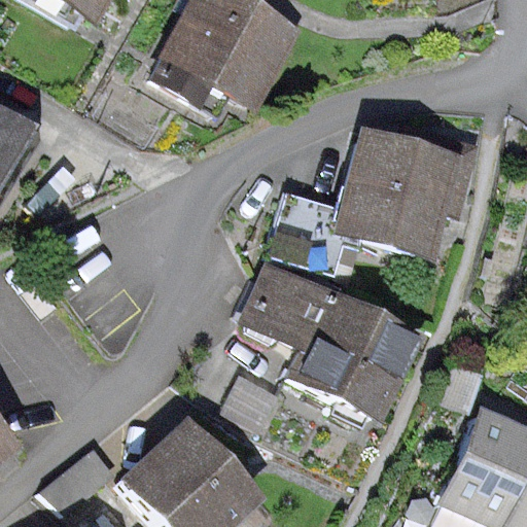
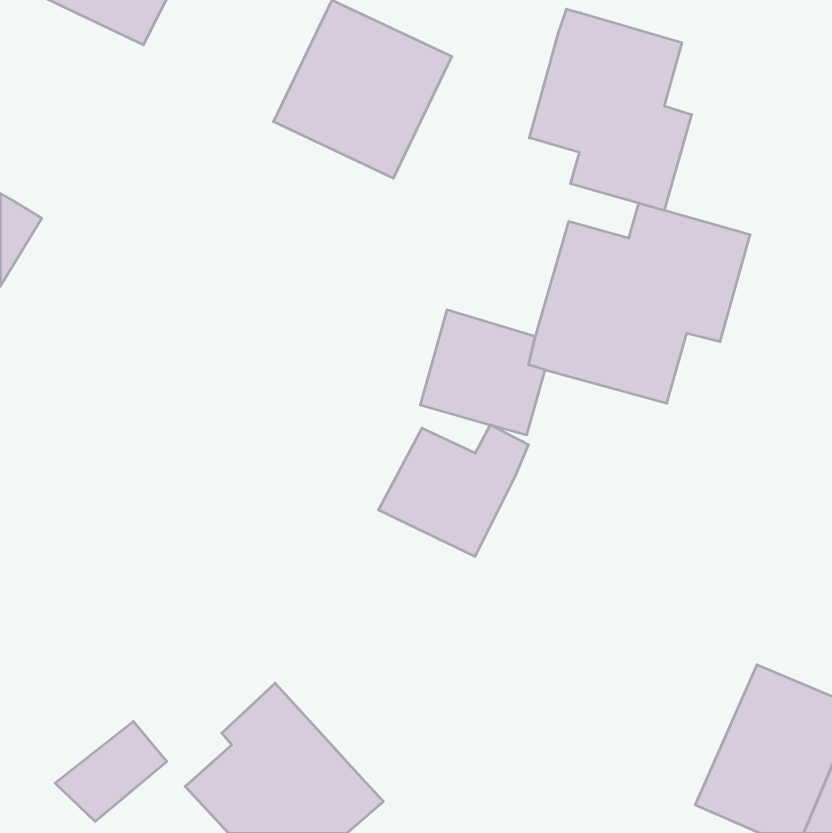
building: none -> [529,9,692,210]
building: [291,294,412,415] -> none

